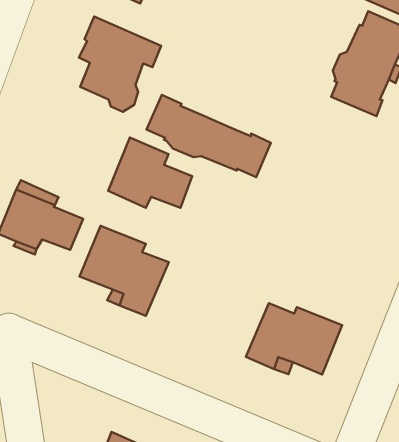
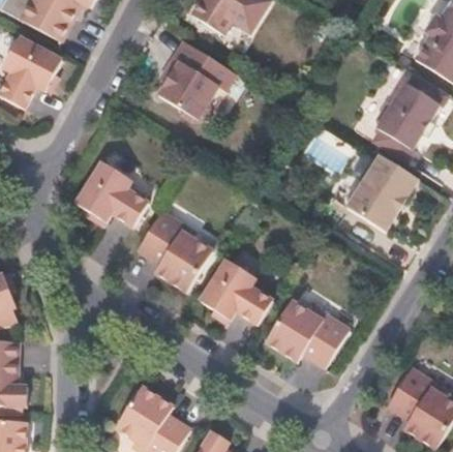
building: [146,95,271,177] -> none
building: none -> [346,151,419,228]
building: [108,137,192,208] -> [200,259,272,325]

